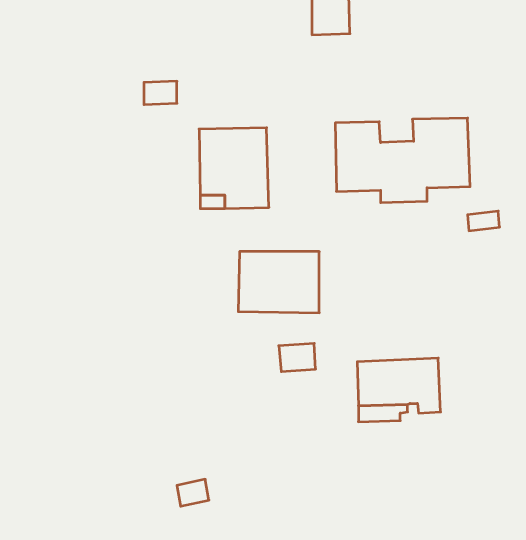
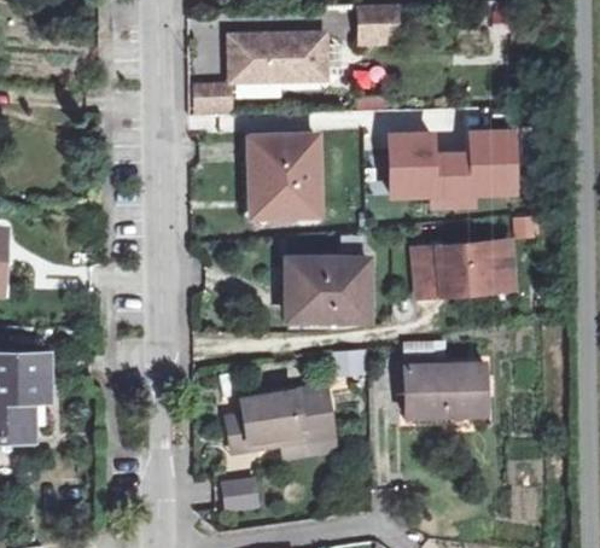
building: none -> [232,34,326,80]
building: none -> [416,241,513,297]
building: none -> [228,384,336,455]

